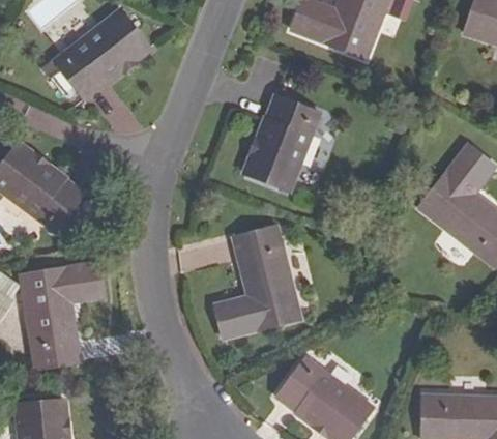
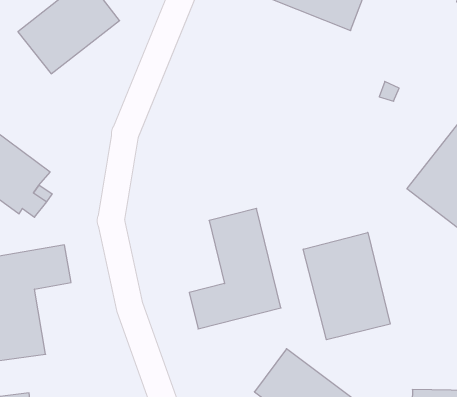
building: [243,94,320,189] -> none
building: none -> [303,232,390,340]

